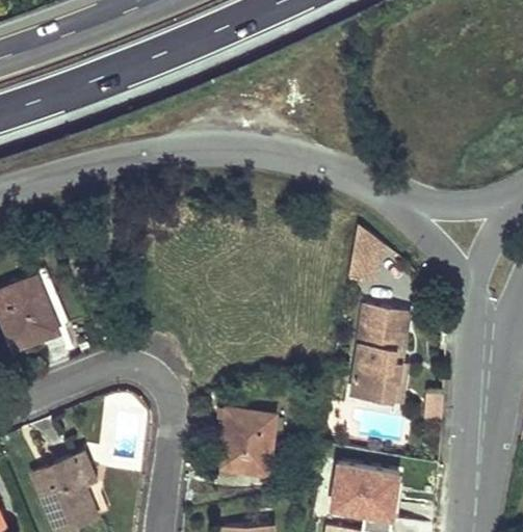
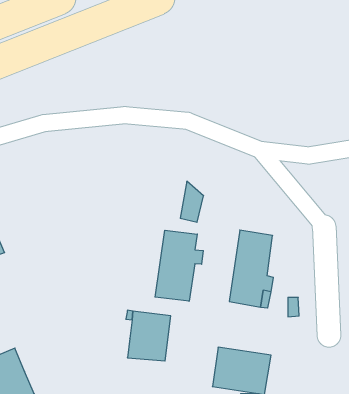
building: [351,225,382,278] -> [180,181,204,222]
building: none -> [155,230,203,301]

